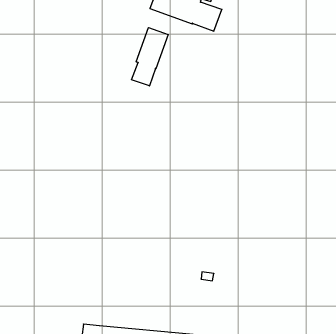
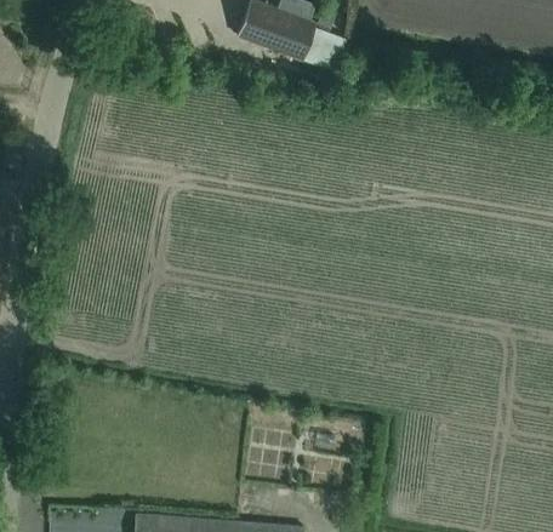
building: [132,28,168,86] -> none

